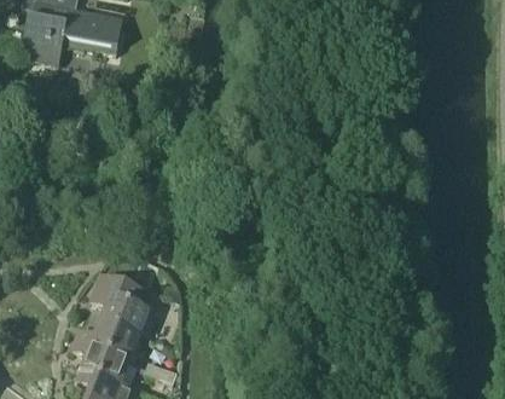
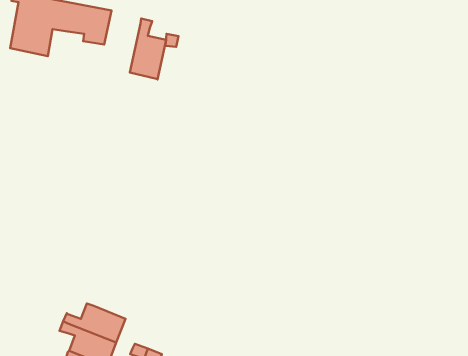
building: none -> [130,19,166,79]
building: [89,273,149,336] -> none

